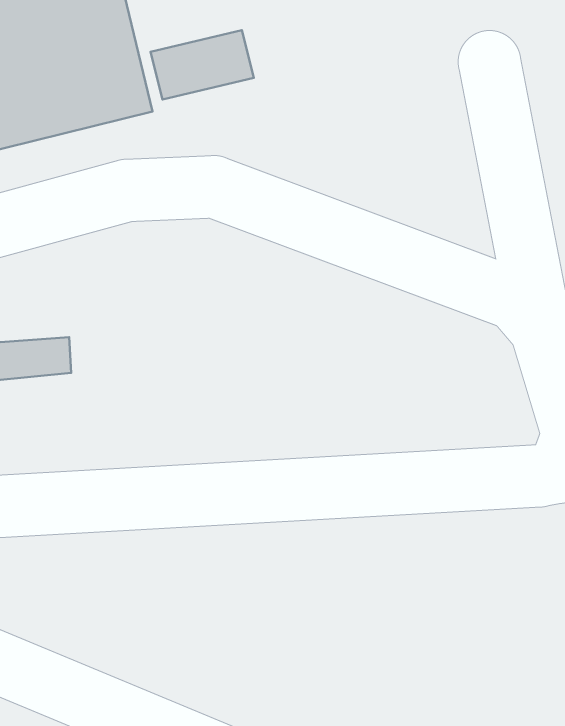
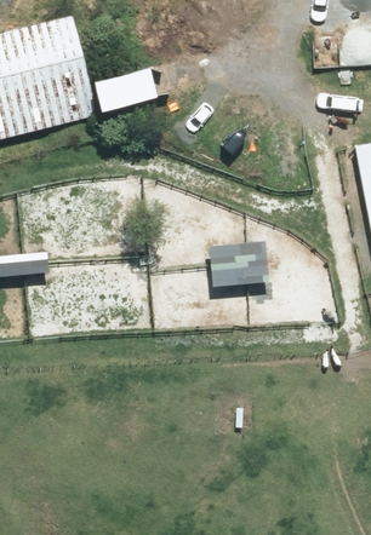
building: none -> [206,242,267,289]

